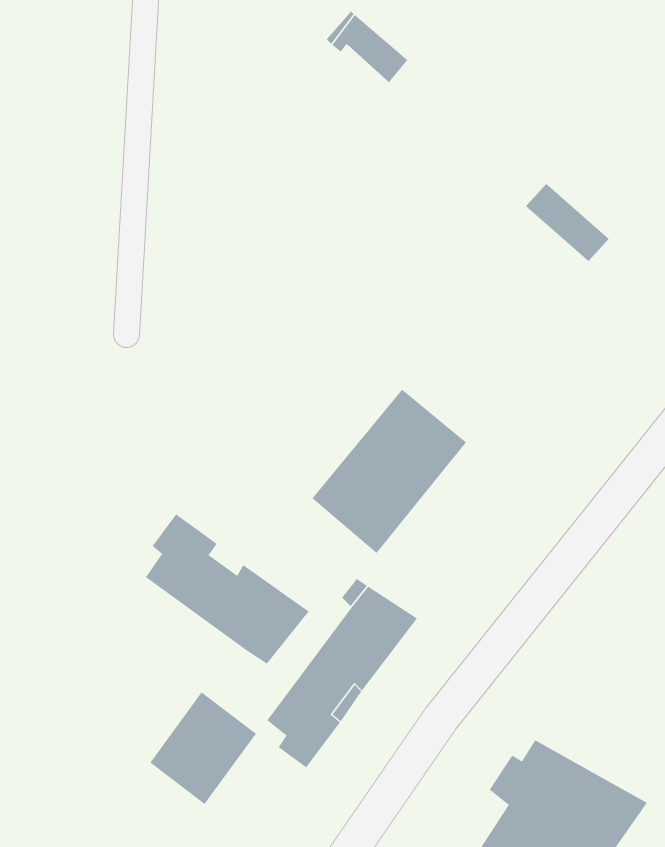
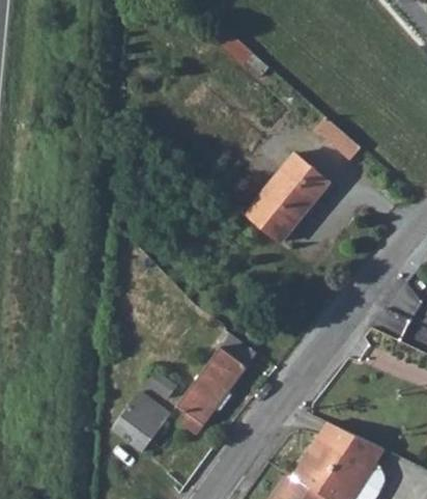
building: [312,389,467,554] -> [246,154,330,243]
building: [145,513,310,664] -> none

